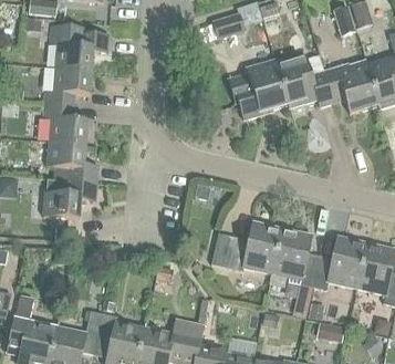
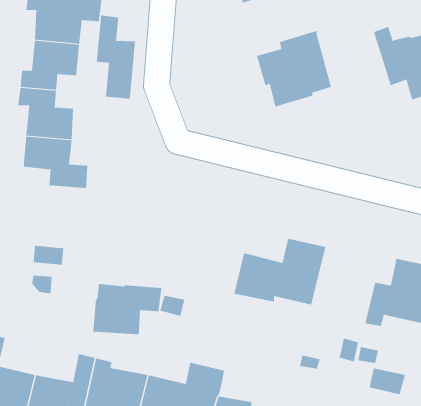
building: none -> [96,15,135,99]
building: [276,54,332,107] -> none
building: [42,179,96,219] -> [92,283,162,335]
building: [271,228,320,288] -> none

